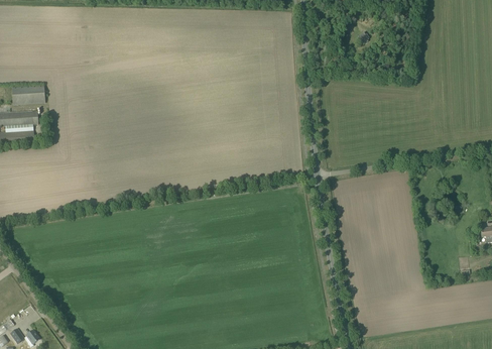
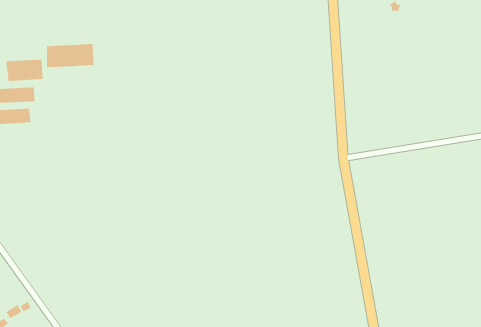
building: none -> [46,43,94,68]

